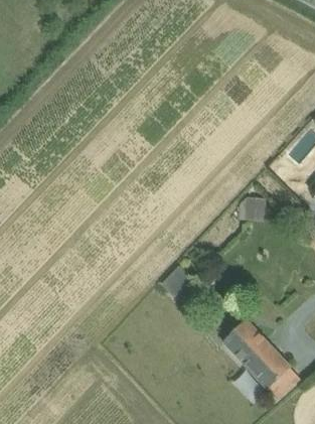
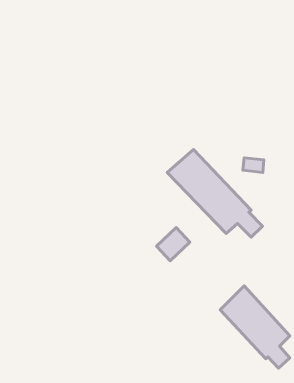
building: none -> [167,149,262,237]

